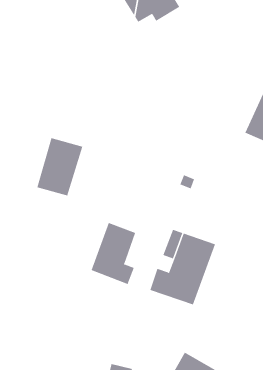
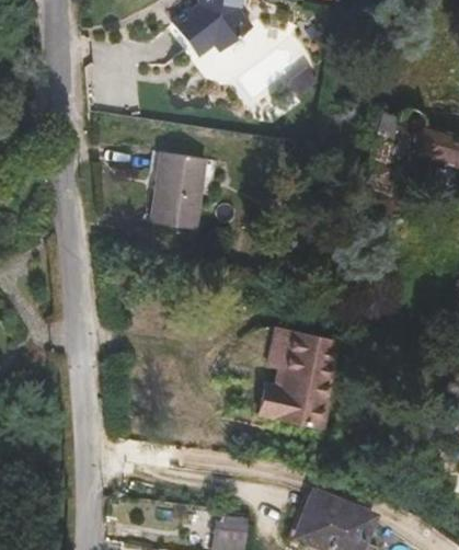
building: [37,137,83,196] -> [151,151,207,228]
building: [91,222,136,285] -> none

